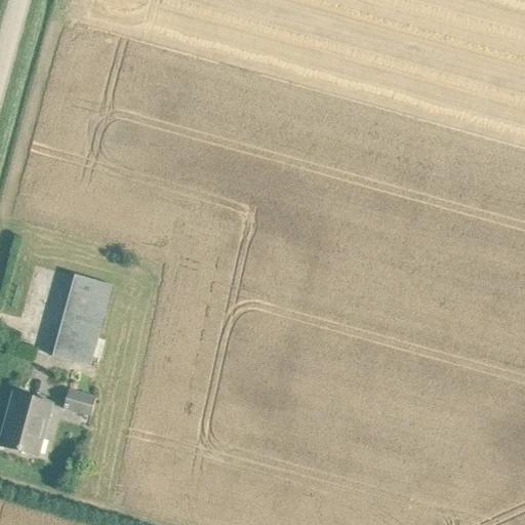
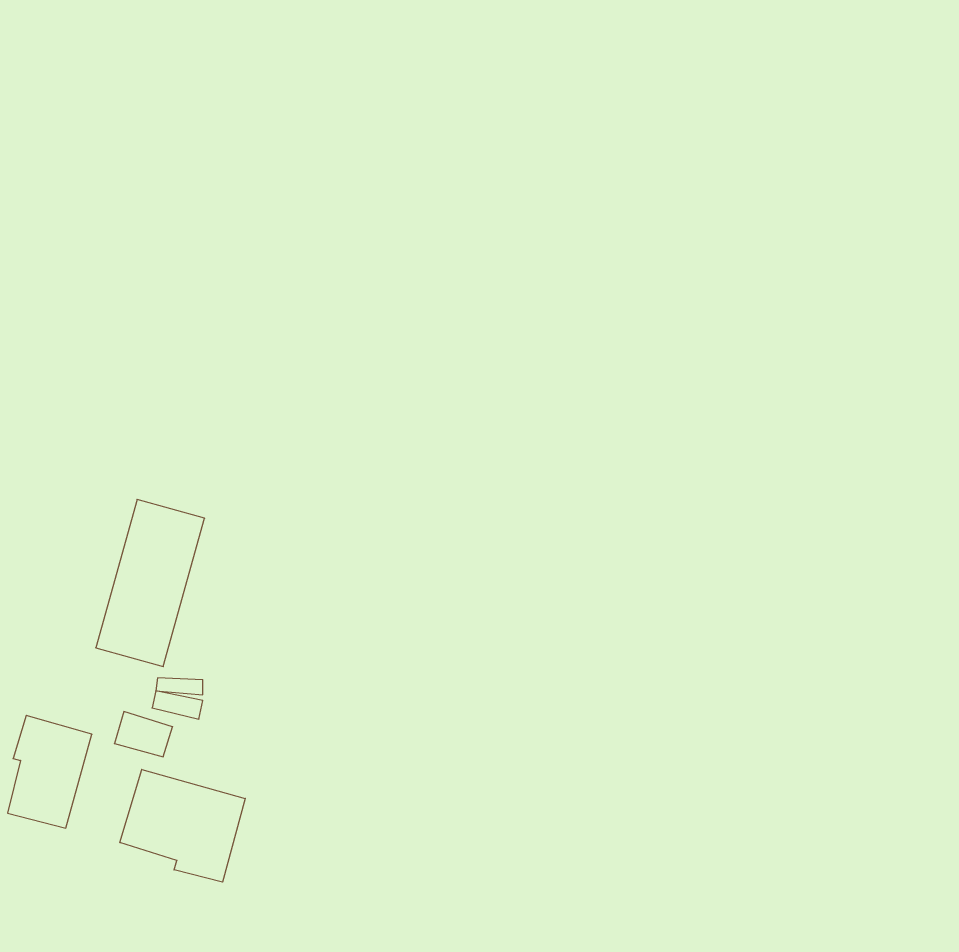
building: none -> [120,769,245,882]

